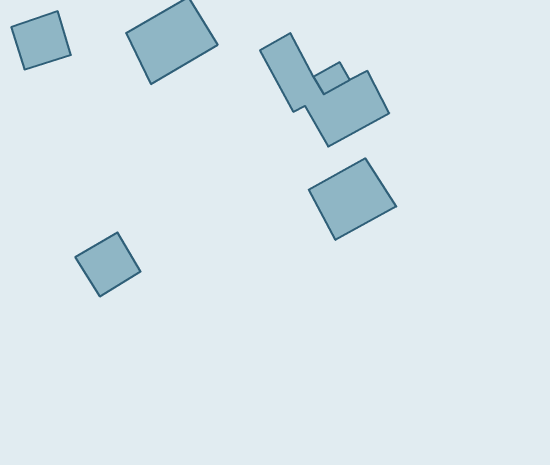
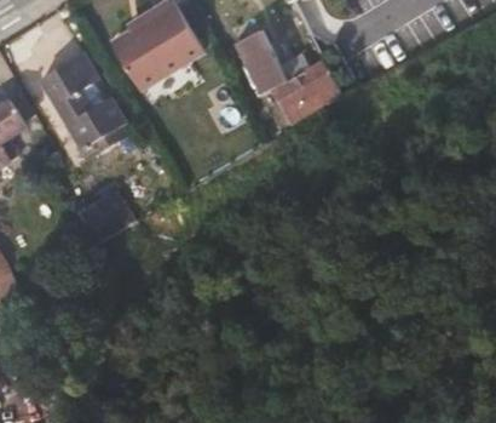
building: none -> [39,62,106,142]
building: [309,158,396,240] -> none

